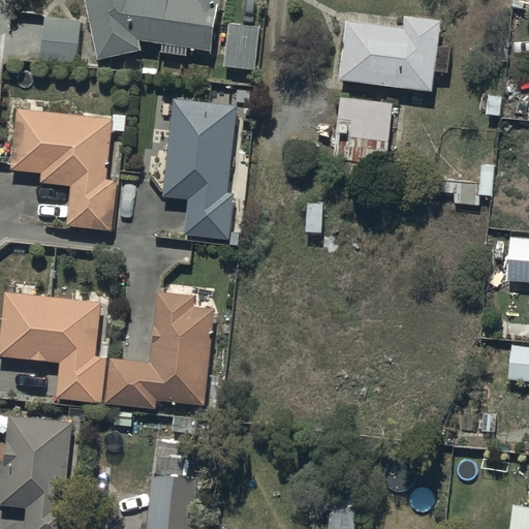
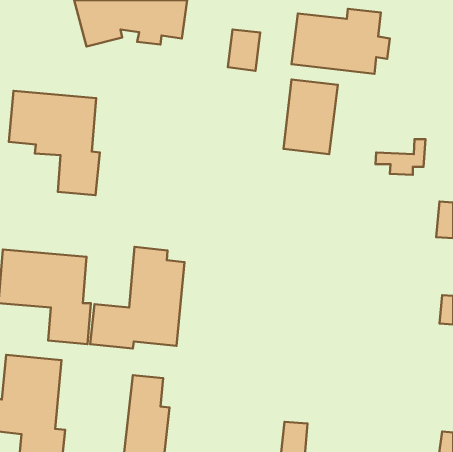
building: [40,19,79,65] -> none
building: [223,24,260,71] -> [228,30,260,71]
building: [163,97,235,240] -> none

